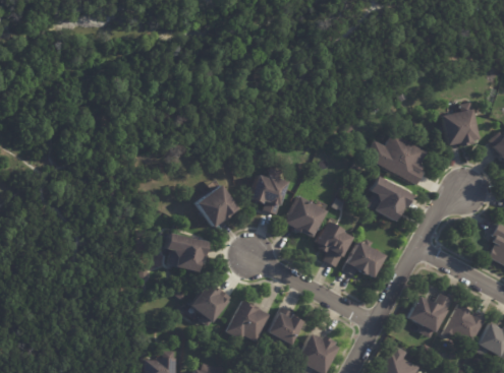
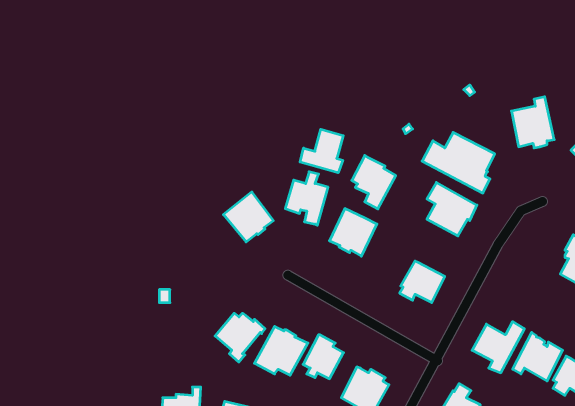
building: none -> [300,129,343,173]
building: [316,221,353,266] -> [352,155,396,209]
building: [165,233,209,271] -> none

